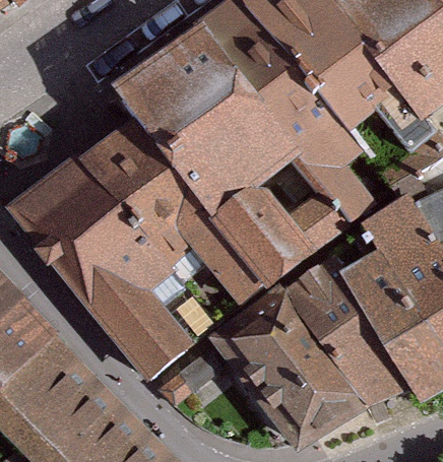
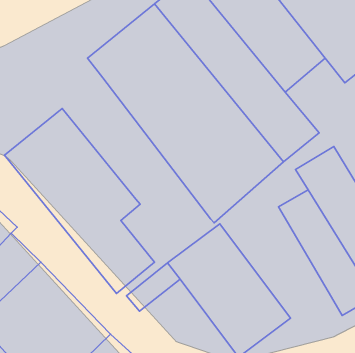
building: [82,117,260,304] -> none
building: [271,256,407,404] -> none

